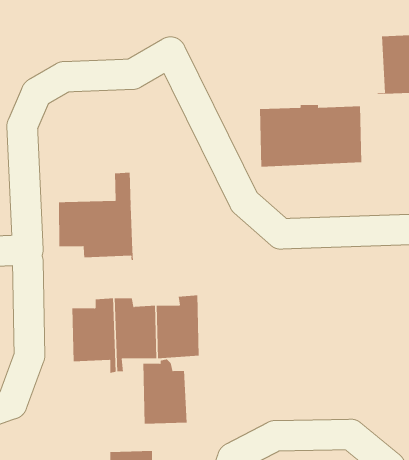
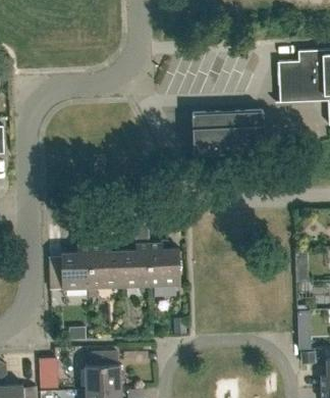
building: [52,172,134,261] -> none
building: [143,359,188,424] -> [150,241,181,287]

